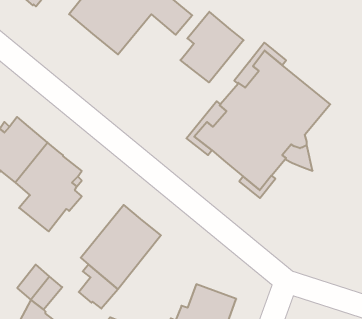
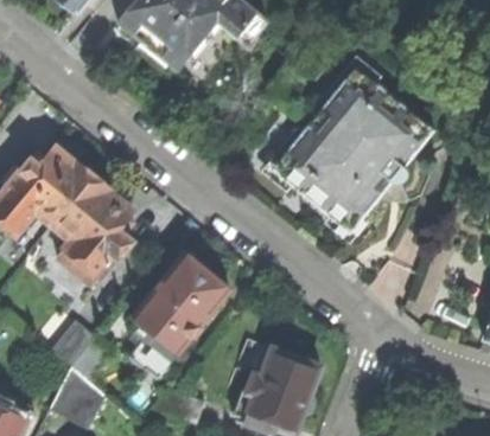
building: [180,12,244,82] -> none

